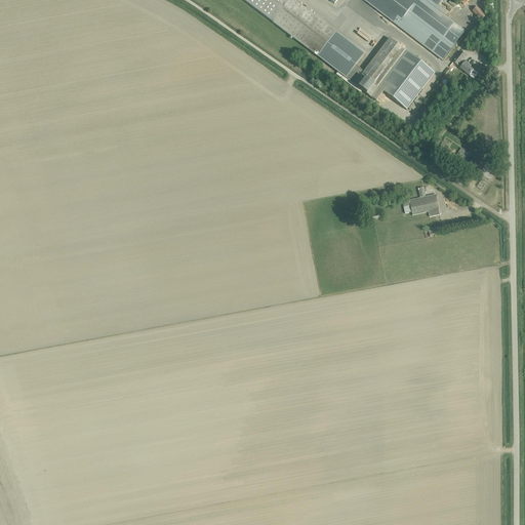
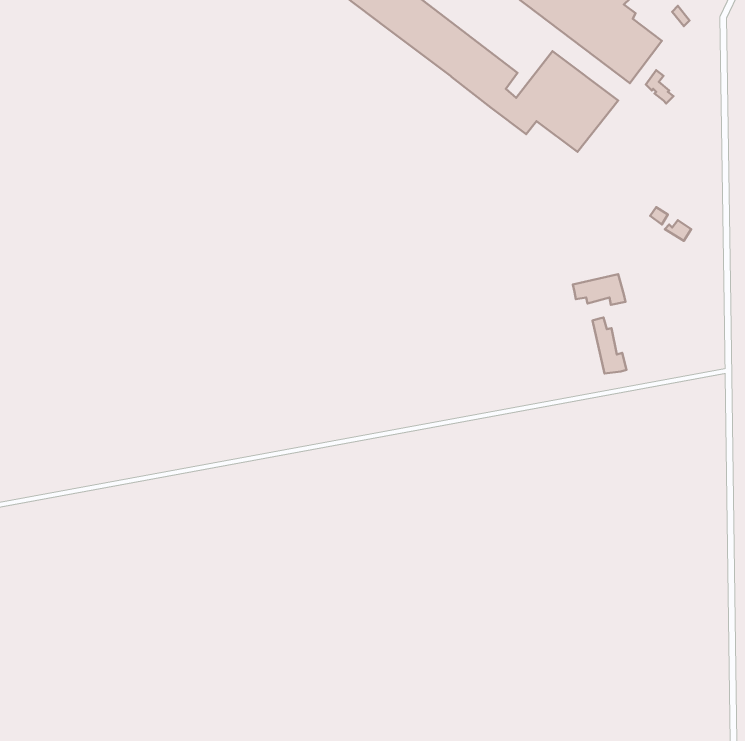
building: none -> [593,317,626,374]

